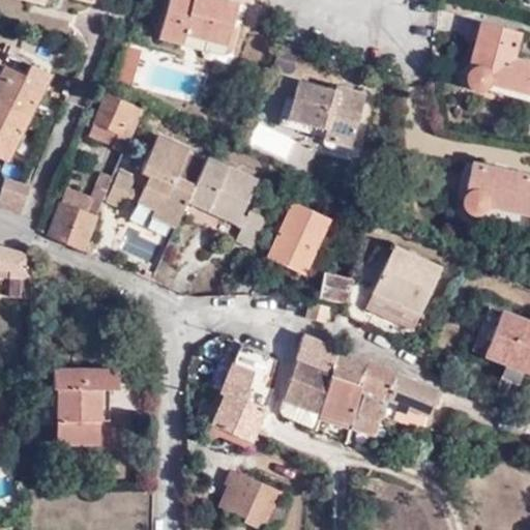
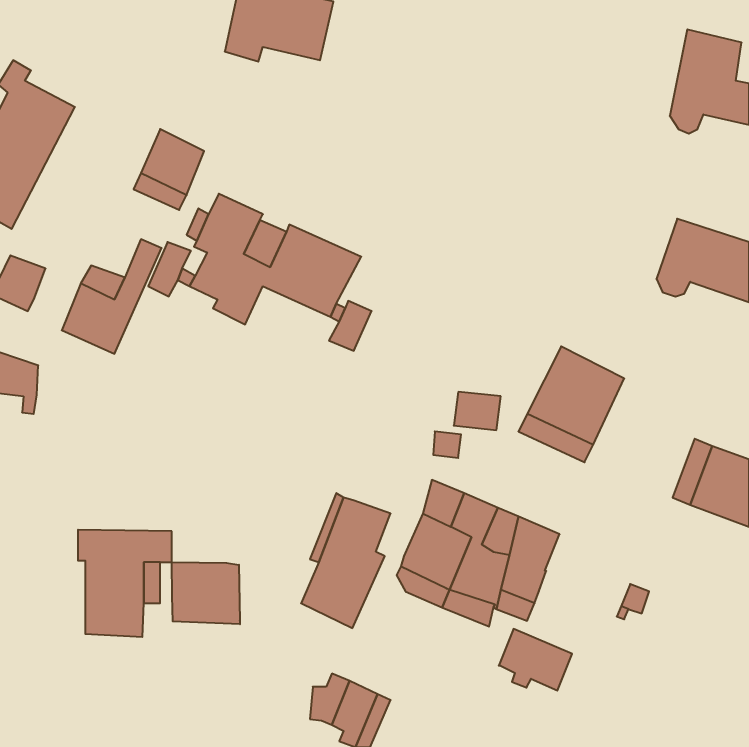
building: [296,79,367,141] -> none
building: [265,203,329,275] -> none
building: [384,377,436,420] -> [499,629,572,691]
building: none -> [172,562,240,624]

